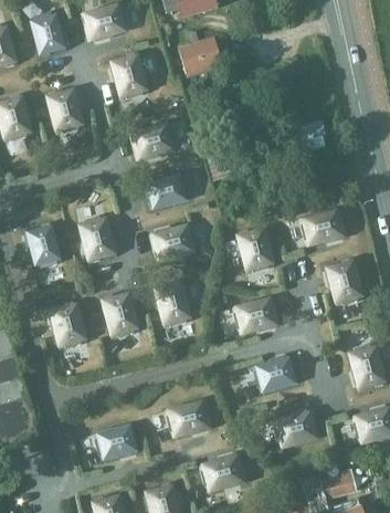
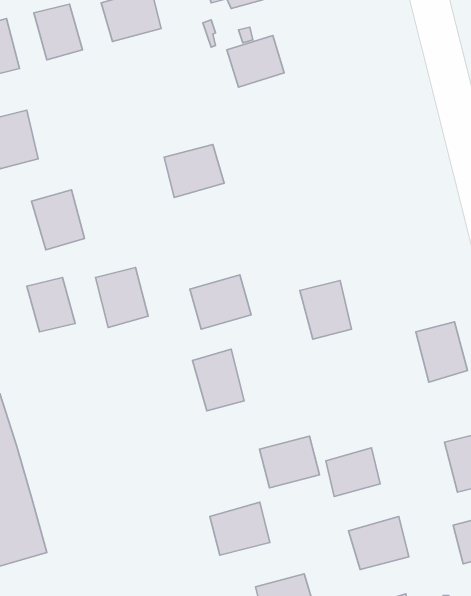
building: [109,53,150,100] -> none
building: [44,87,85,134] -> [32,190,84,250]
building: [146,174,188,210] -> none
building: [301,207,347,248] -> none
building: [99,292,140,338] -> none
building: [233,296,280,336] -> [259,436,320,488]
building: [48,302,88,348] -> none
building: [95,423,139,461] -> none

